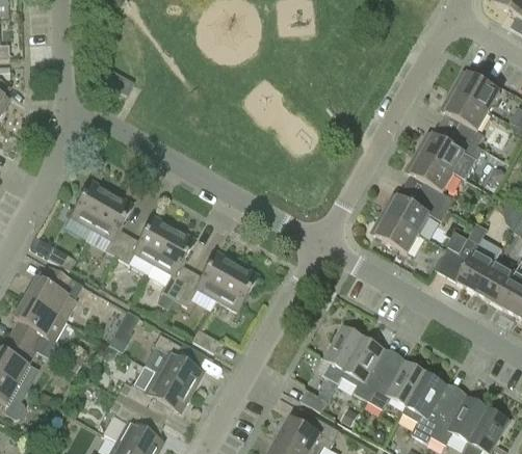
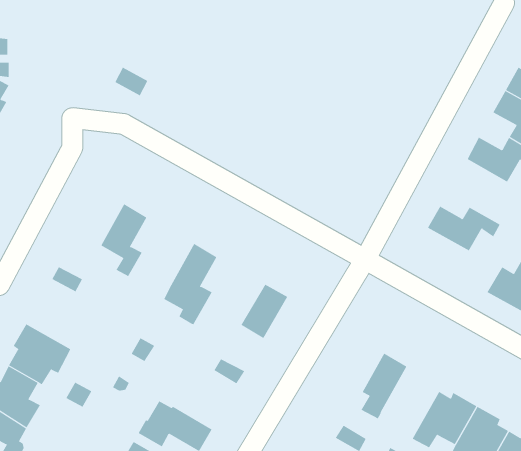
building: [406,152,453,210] -> none
building: [70,180,111,229] -> none
building: [370,213,419,255] -> none
building: [115,215,174,264] -> none
building: [169,250,237,311] -> none
building: [24,266,81,321] -> none
building: [152,333,202,393] -> none
building: [341,337,392,401] -> none

